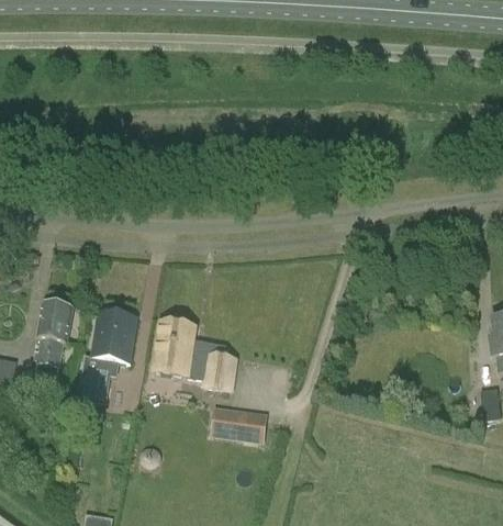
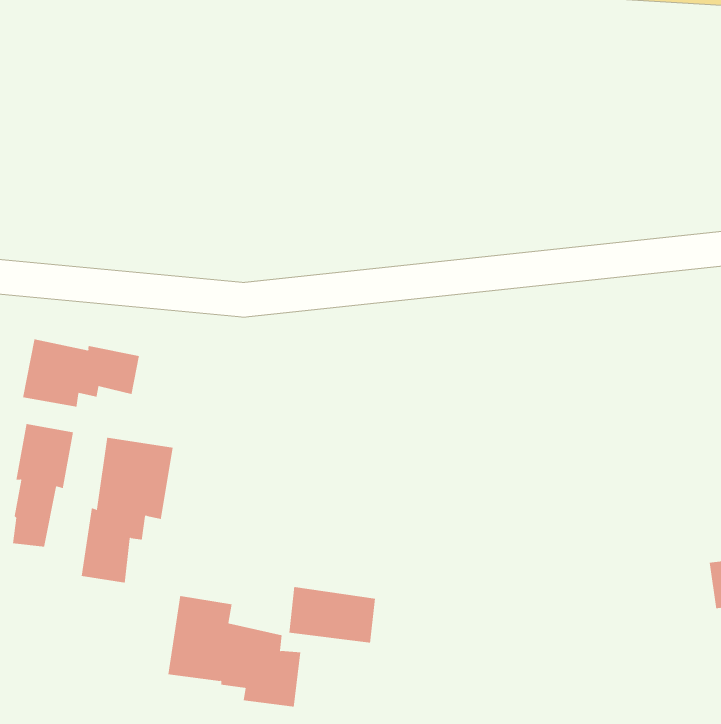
building: none -> [23,338,140,408]
building: [153,320,238,391] -> [167,596,301,707]

